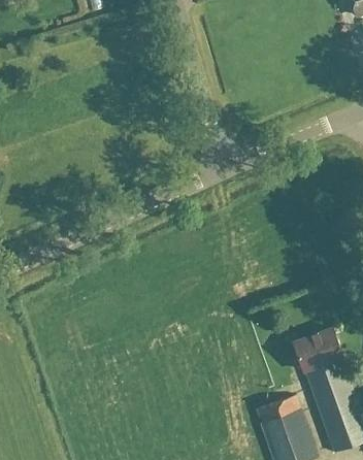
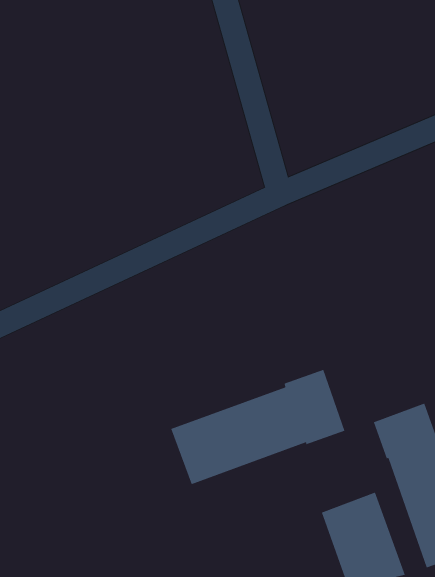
building: none -> [170,369,345,485]

